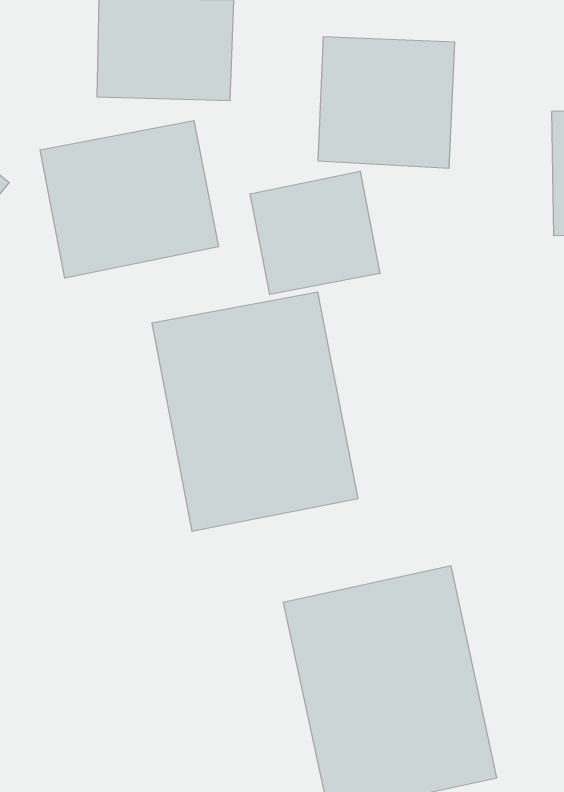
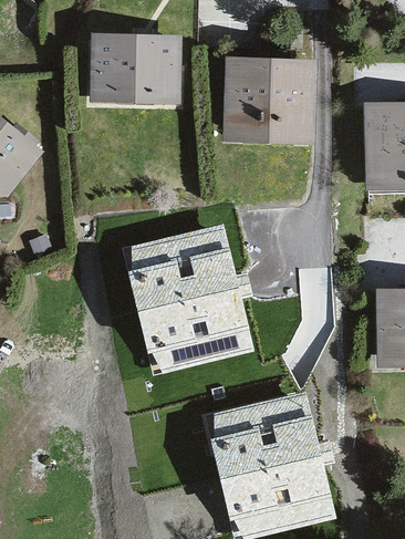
building: [40,121,218,278] -> none
building: [250,171,380,295] -> none

